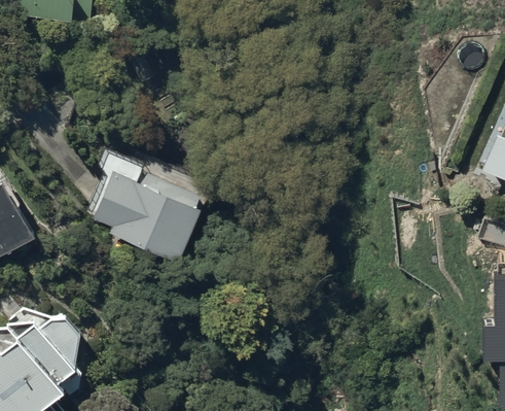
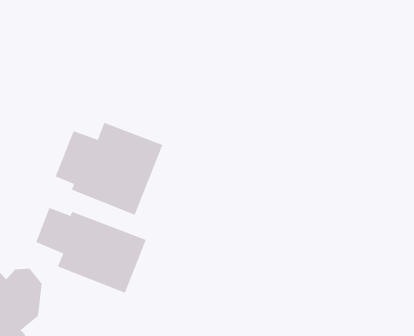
building: none -> [35,207,146,294]

